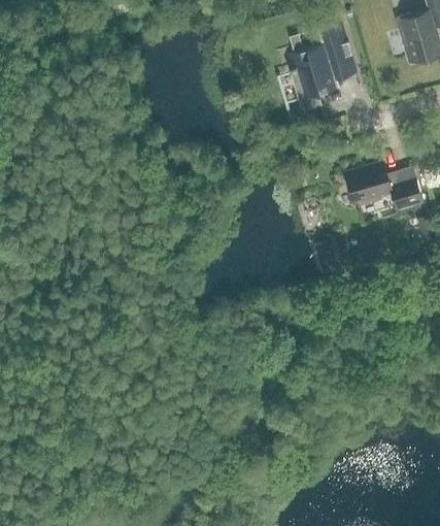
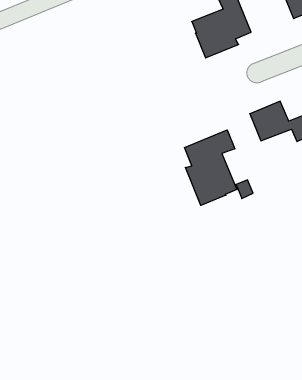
building: none -> [185,130,237,205]

